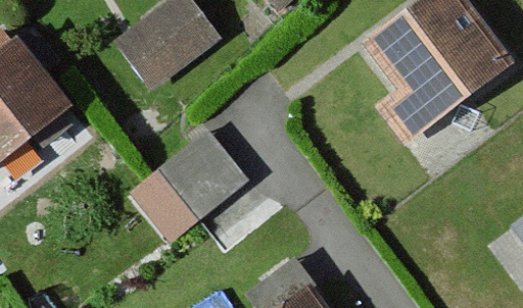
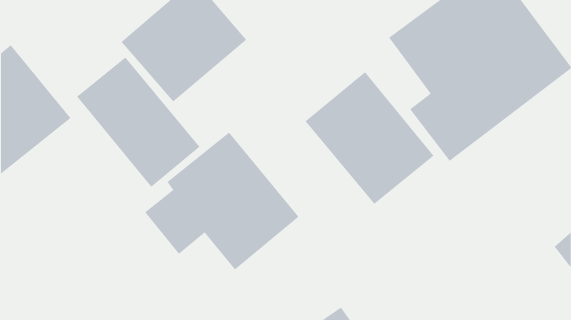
building: none -> [76,57,201,188]
building: none -> [305,71,435,205]

